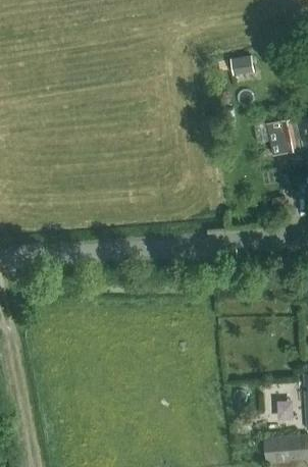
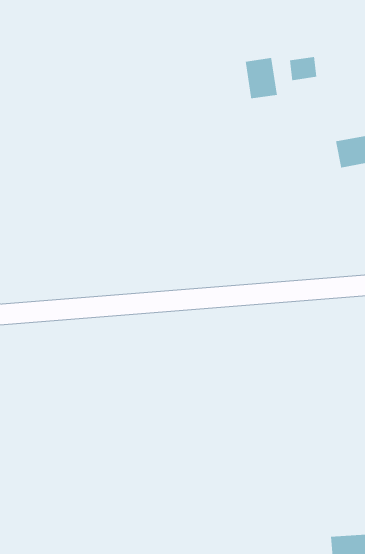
building: none -> [245,57,277,99]

